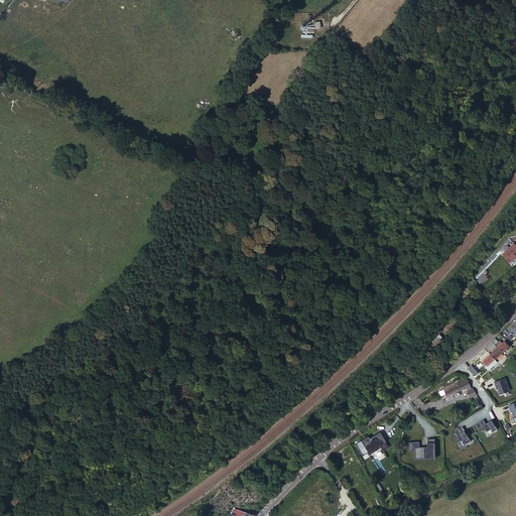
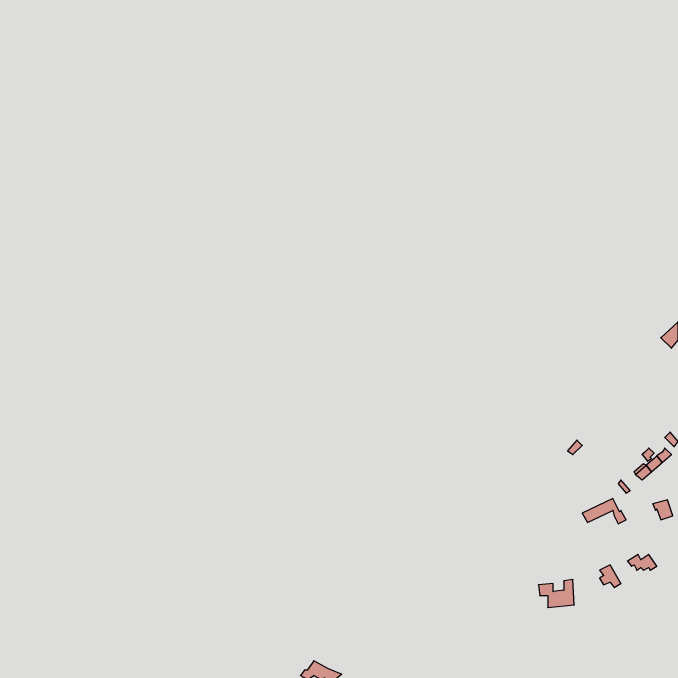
building: [355,432,388,457] -> none

